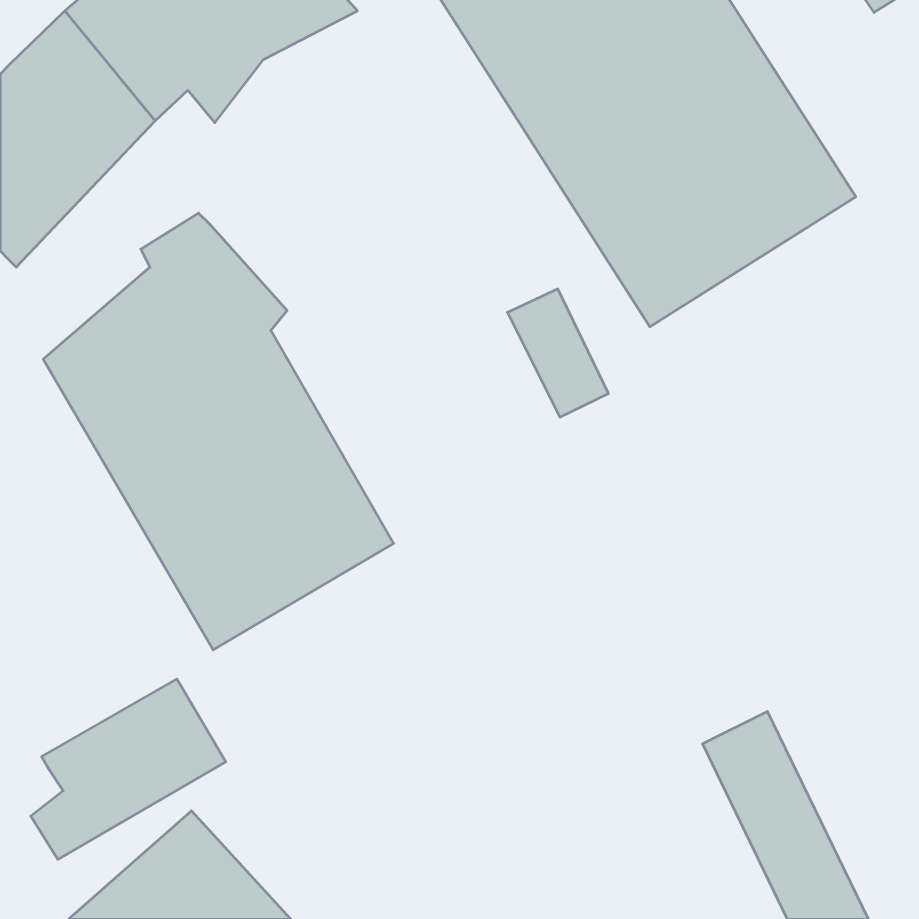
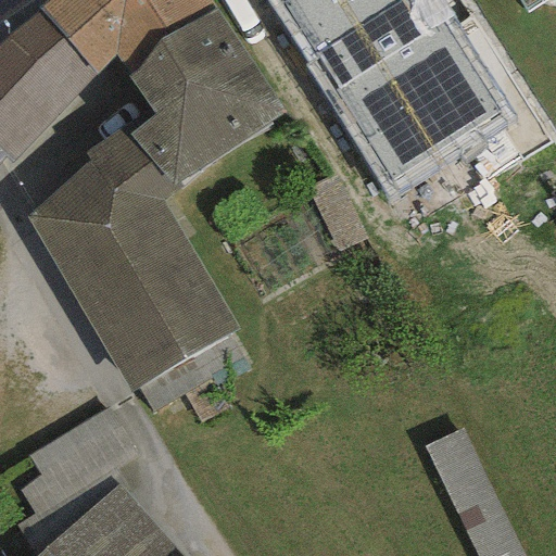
building: none -> [128,7,283,187]

